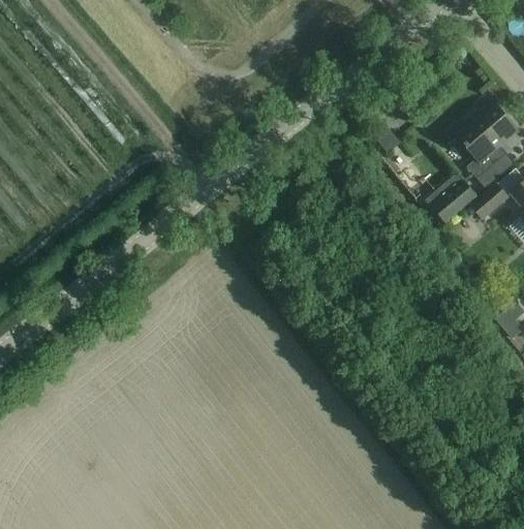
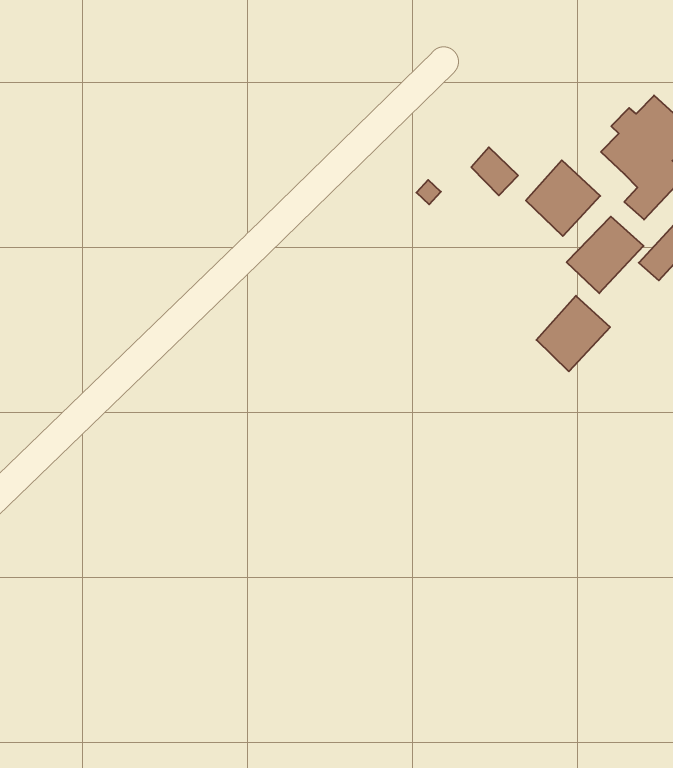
building: none -> [526,160,600,236]
building: none -> [536,296,610,371]

